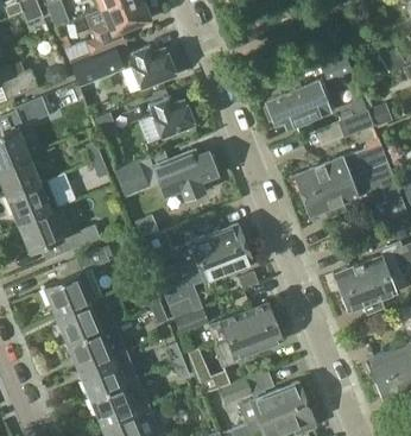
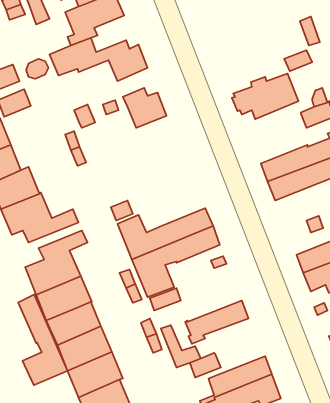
building: [113,150,219,198] -> none
building: [209,302,276,345] -> none
building: none -> [18,295,67,385]

